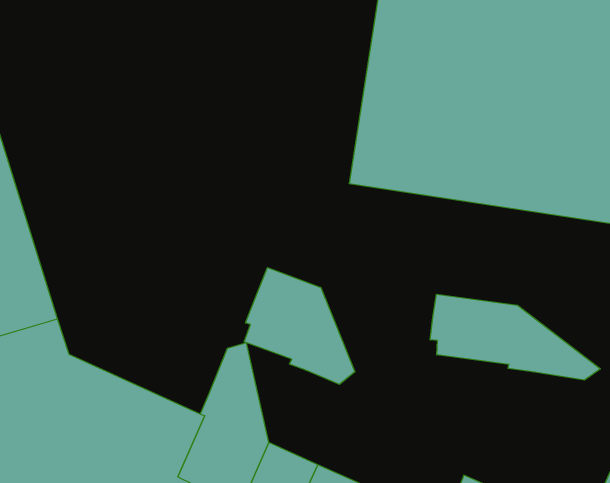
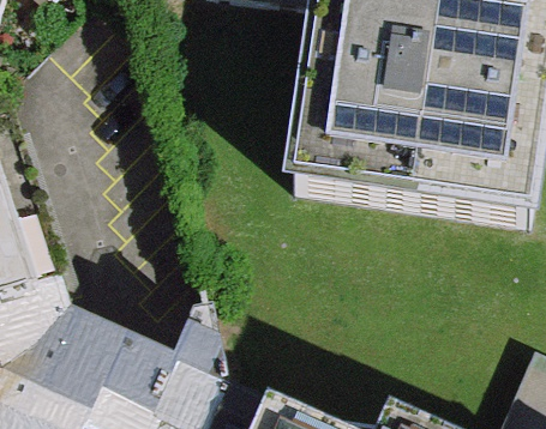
building: [244,268,355,384] -> none
building: [430,294,600,380] -> none

